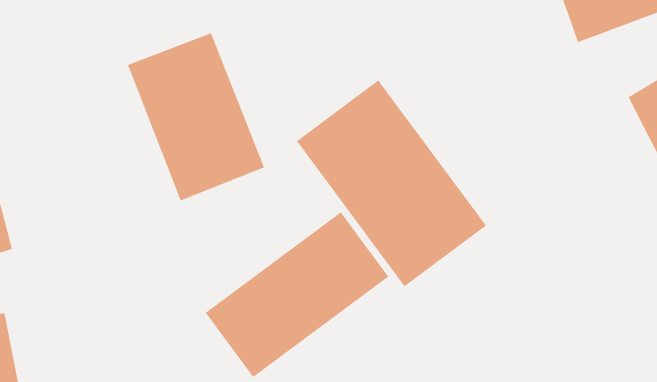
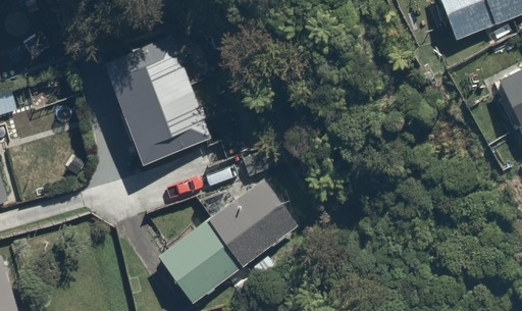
building: [296,80,487,287] -> none

